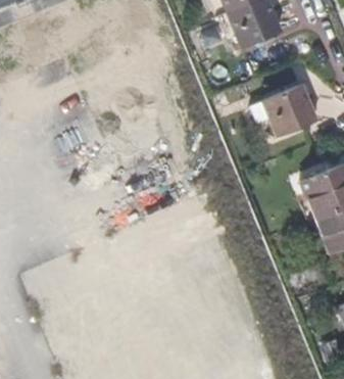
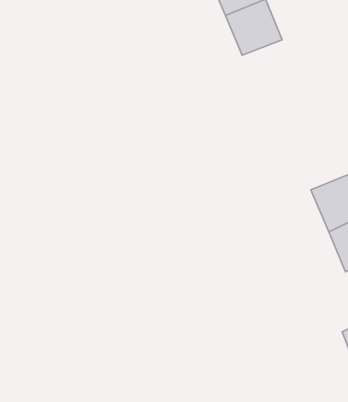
building: [264,85,315,136] -> none

